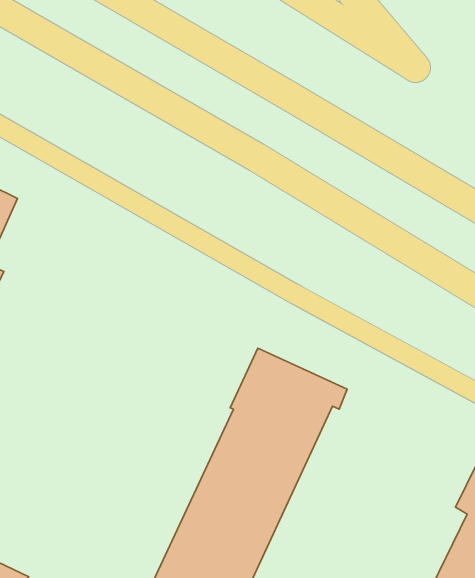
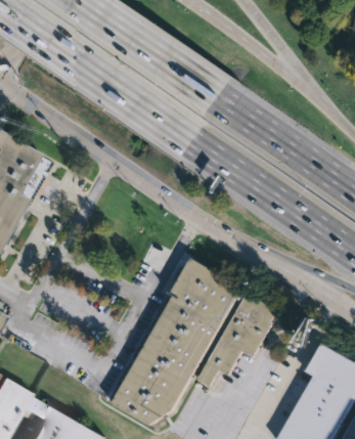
building: none -> [198,294,278,387]

